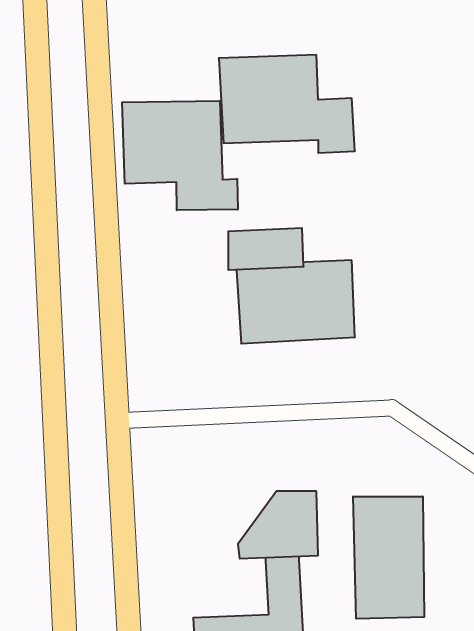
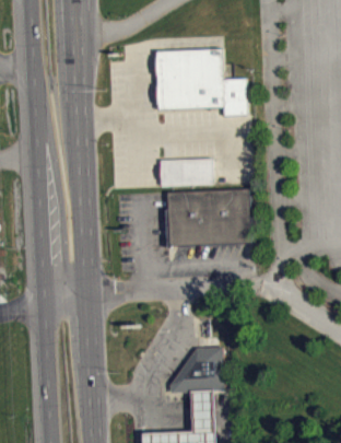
building: [122,101,238,210] -> none
building: [353,496,424,619] -> none

